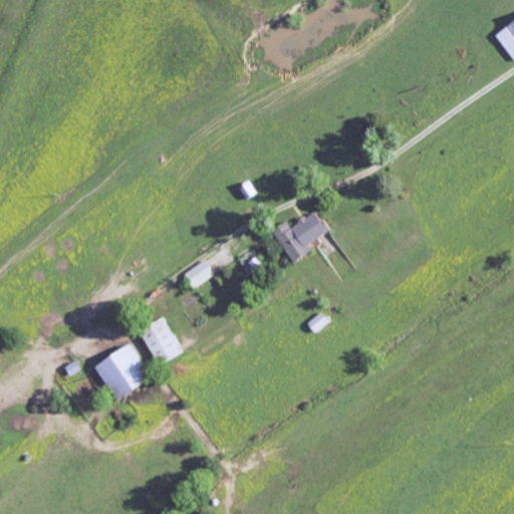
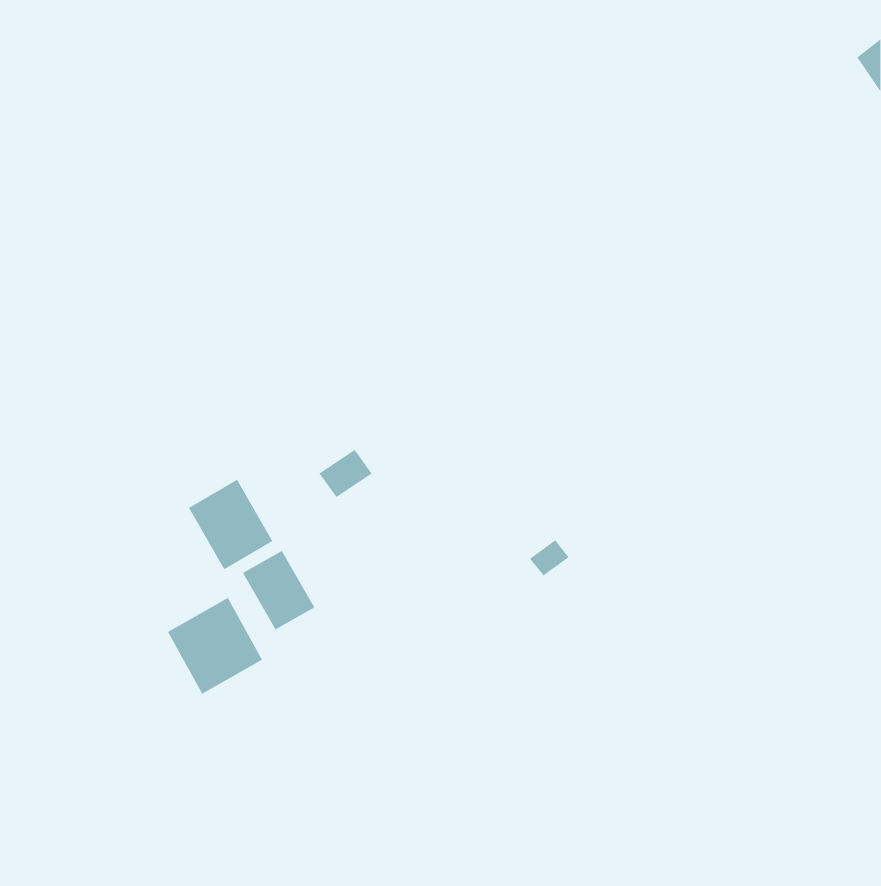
building: [273,211,328,262] -> none
building: none -> [188,479,273,570]

